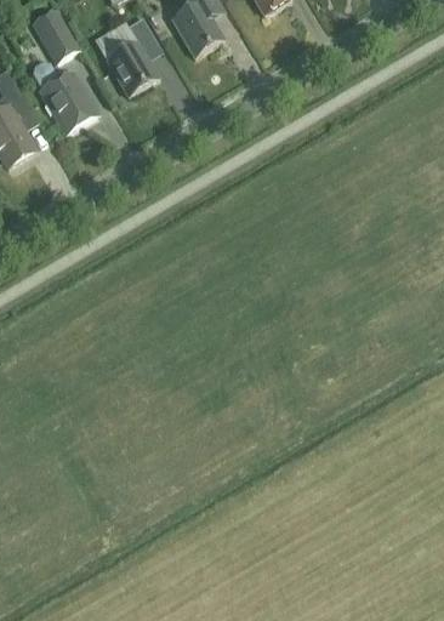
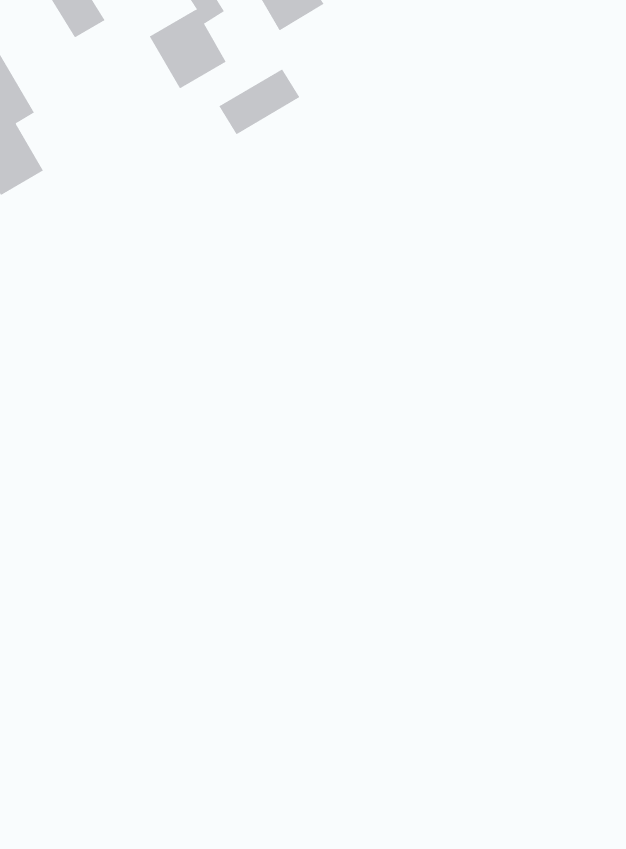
building: [41,70,95,130] -> none
building: none -> [218,68,300,135]

